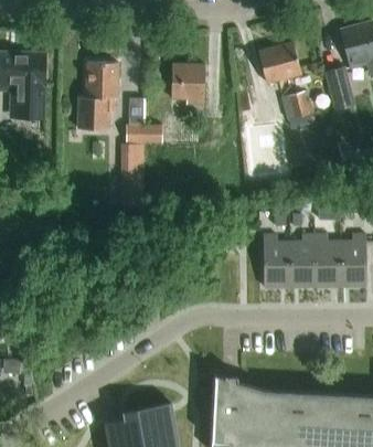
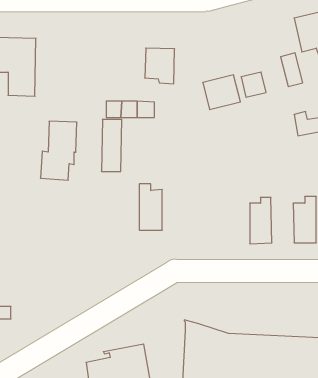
building: [258,43,301,83] -> [203,75,240,110]
building: [76,62,118,129] -> [40,121,77,180]
building: [264,235,290,288] -> [139,184,162,230]
building: [315,235,341,287] -> none

